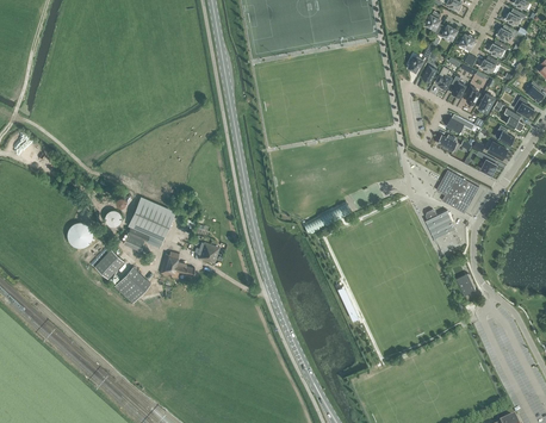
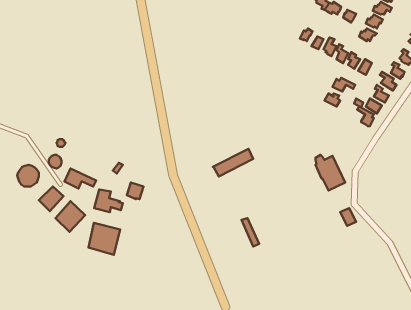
building: [436,169,479,213] -> none
building: [128,197,174,238] -> none
building: none -> [88,223,120,255]

